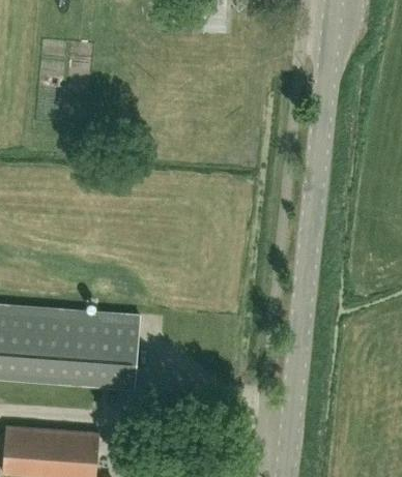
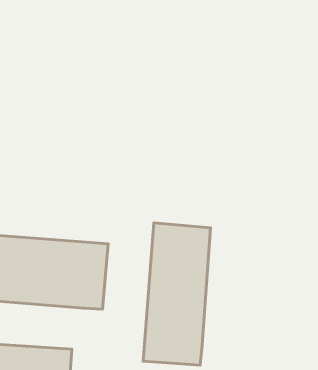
building: none -> [143,223,211,365]

